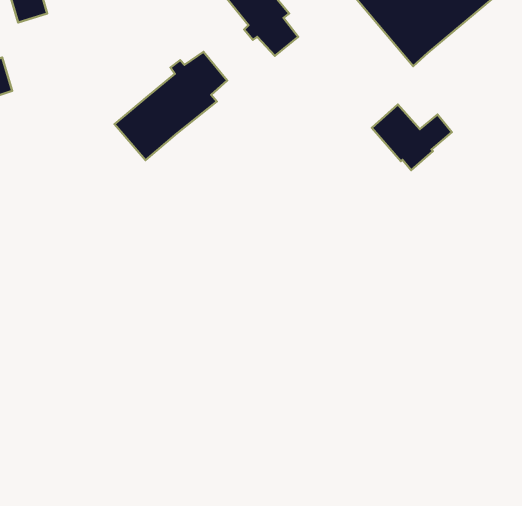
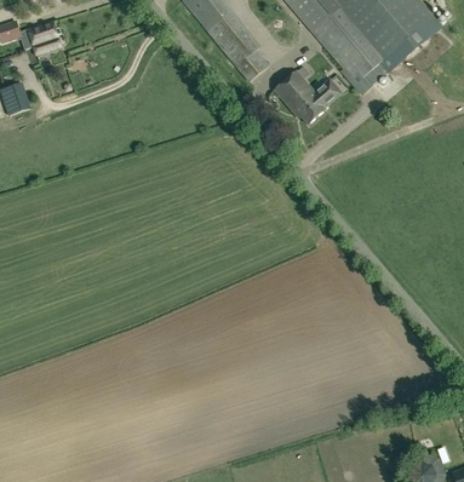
building: [114,52,227,160] -> none
building: [372,104,452,170] -> [274,69,340,124]

